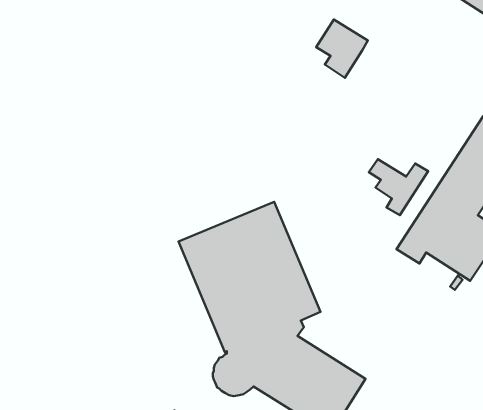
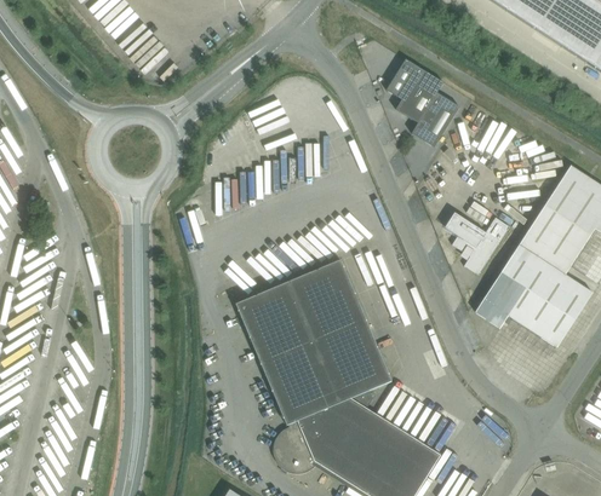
building: none -> [412,93,459,148]

